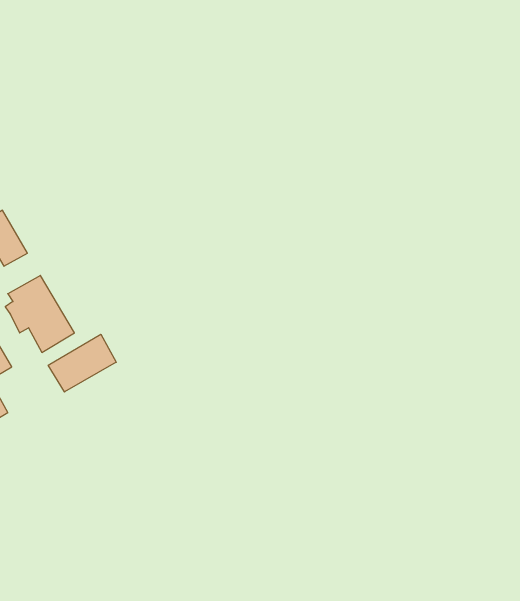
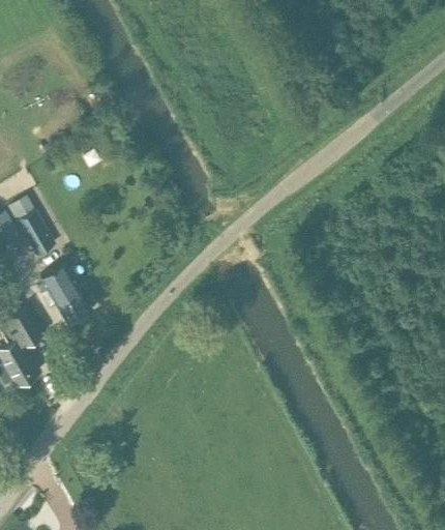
building: [48,334,116,392] -> none

